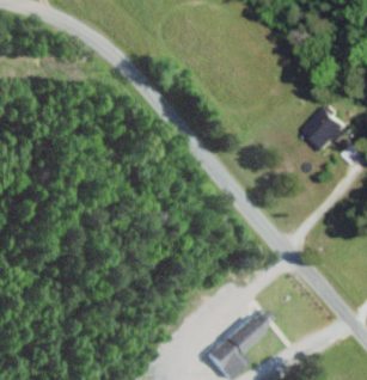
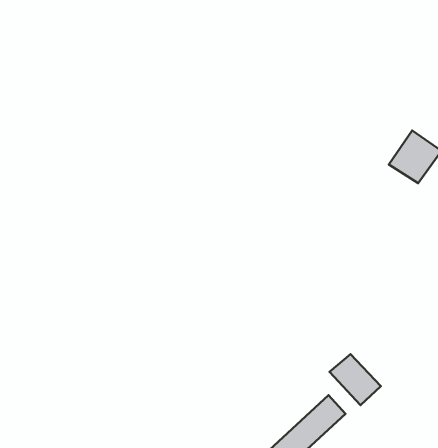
building: none -> [329,354,381,405]

